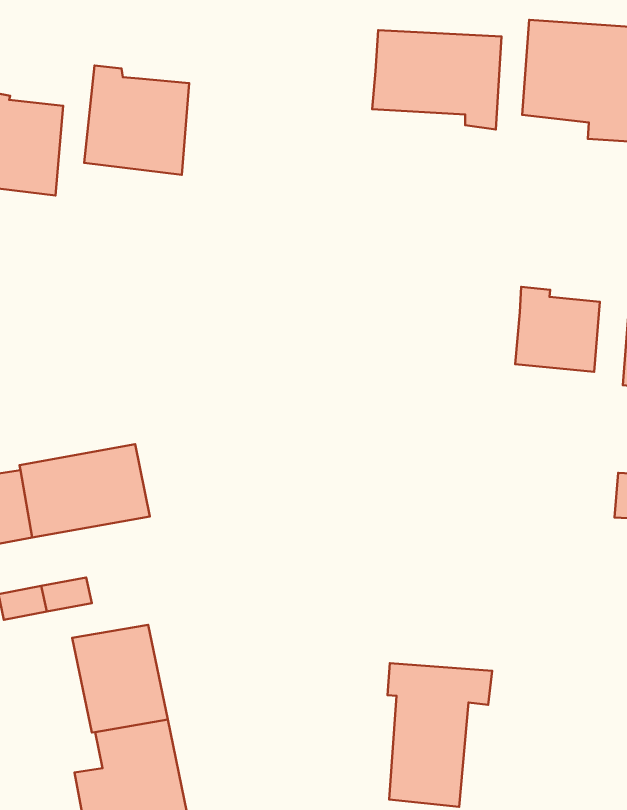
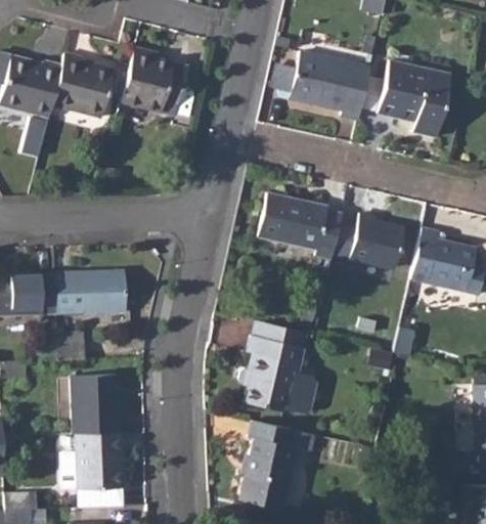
building: none -> [255,192,340,257]
building: none -> [238,335,317,411]

